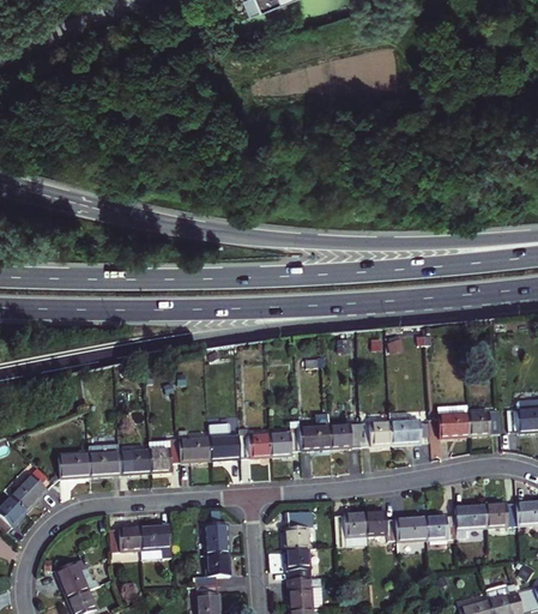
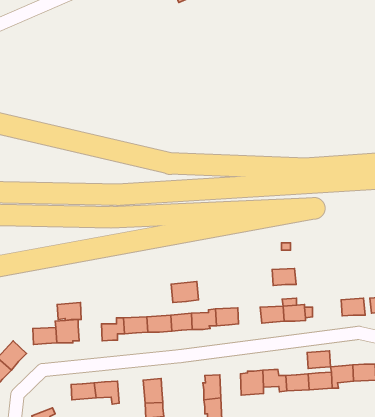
building: none -> [171,281,199,302]
building: [441,415,472,439] -> [307,351,330,369]
building: [332,425,364,447] -> [272,269,296,286]
building: [117,447,150,471] -> [57,303,81,320]

